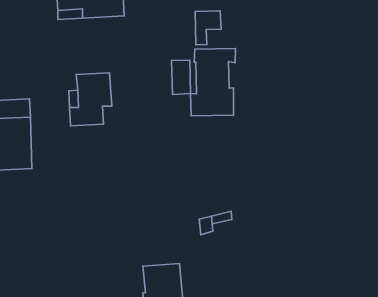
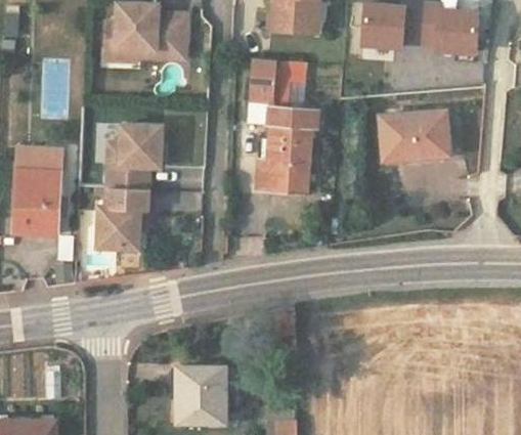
building: none -> [380,110,449,161]
building: [172,60,191,94] -> [249,58,274,101]
building: none -> [97,186,148,249]

